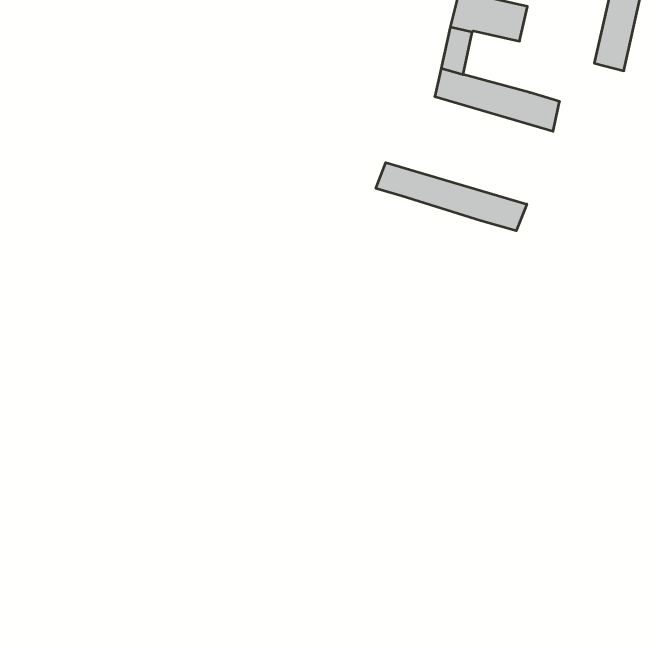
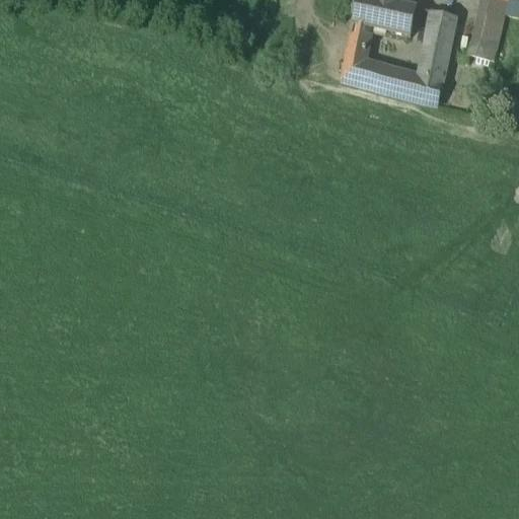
building: none -> [419,9,456,80]
building: [376,163,527,231] -> none

